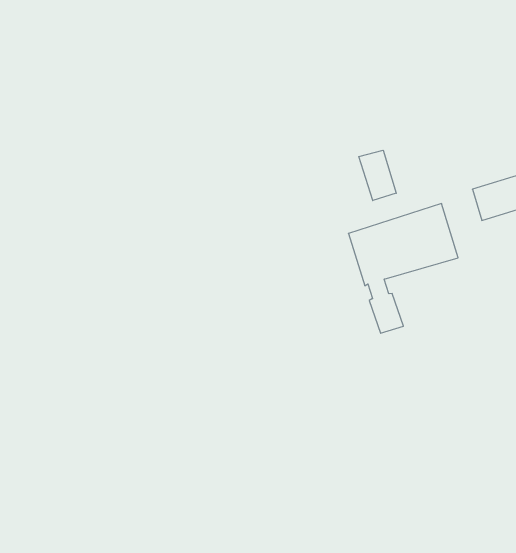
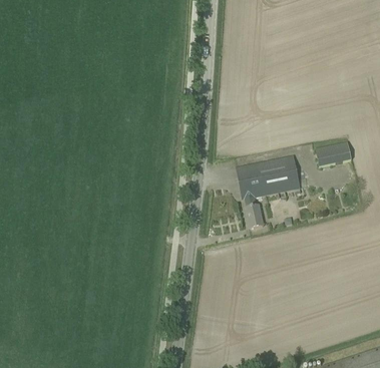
building: [359,150,396,201] -> none

